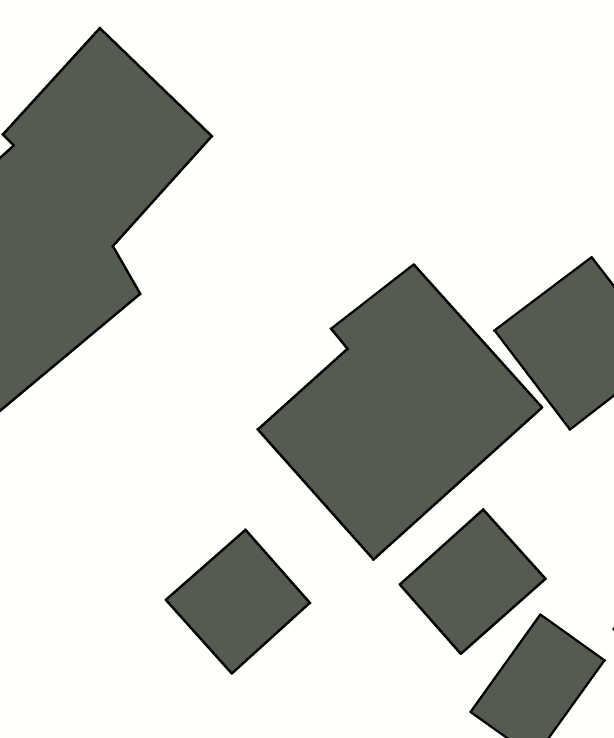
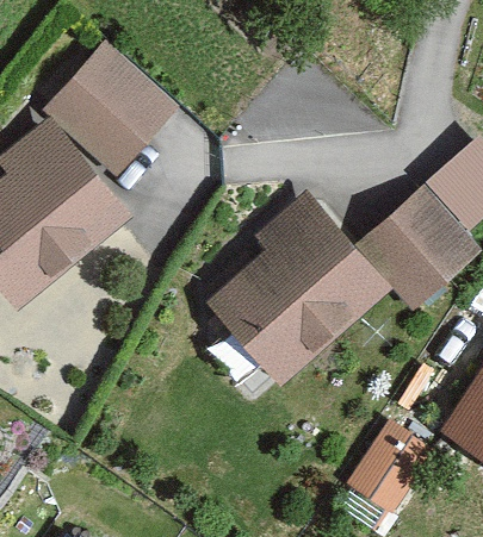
building: [400,509,546,654] -> none
building: [166,530,310,673] -> none

